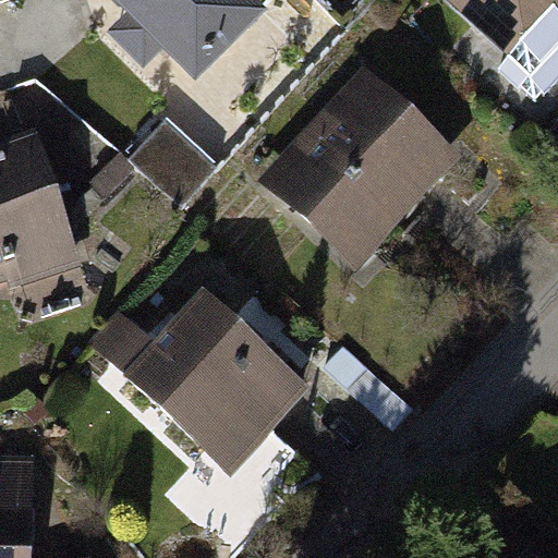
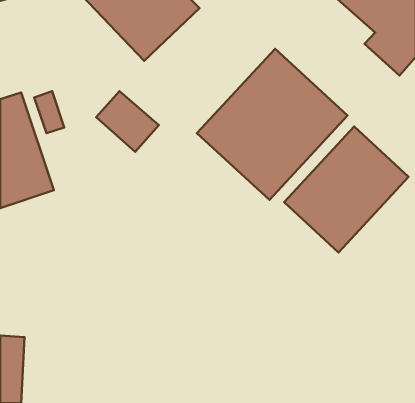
building: none -> [284,126,409,252]
building: [80,279,300,473] -> none

